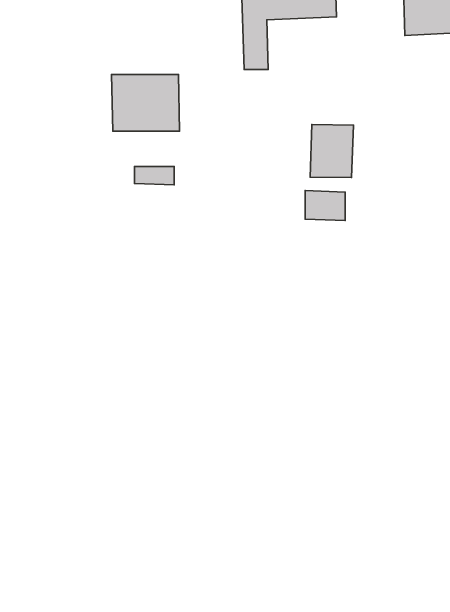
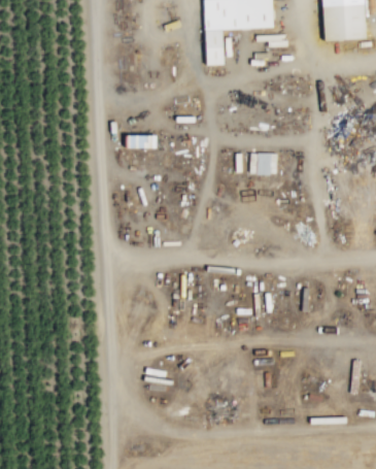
building: [112,75,180,131] -> none
building: [310,125,353,178] -> none

